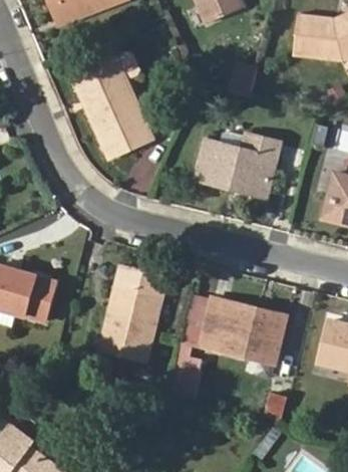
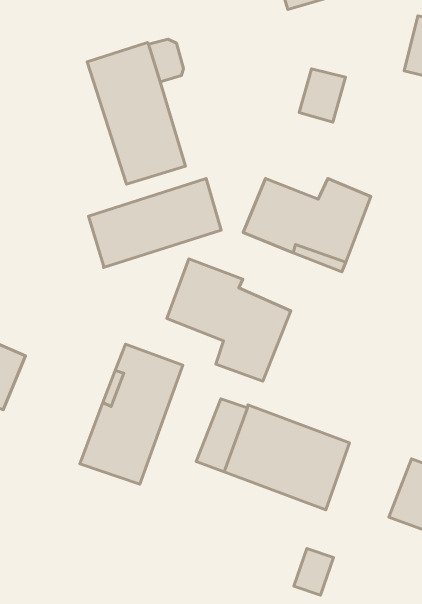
building: none -> [88,179,221,268]
building: none -> [167,259,291,381]

